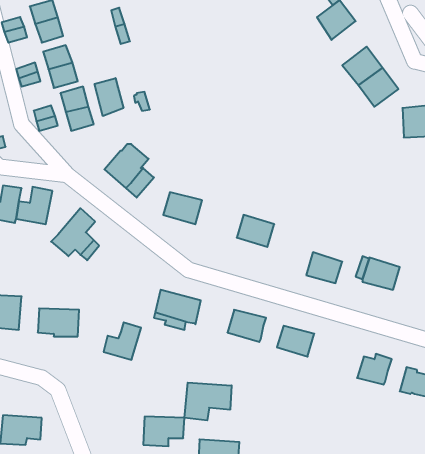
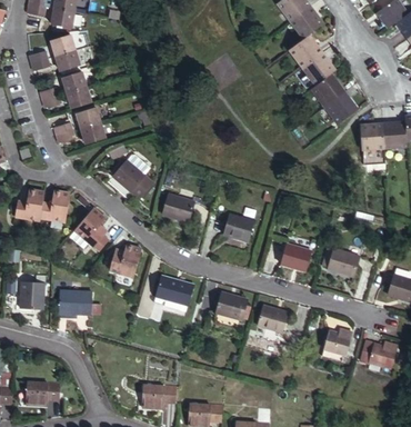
building: none -> [301,52,334,86]
building: [95,78,123,116] -> none
building: [104,322,141,360] -> [109,245,140,276]
building: [185,383,232,420] -> none

